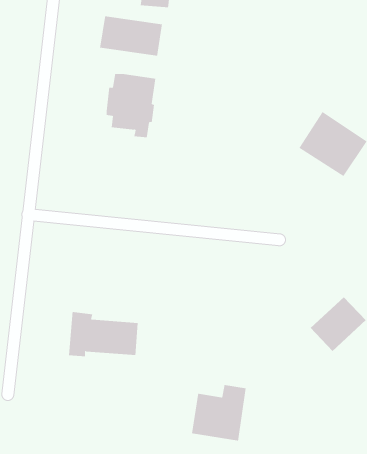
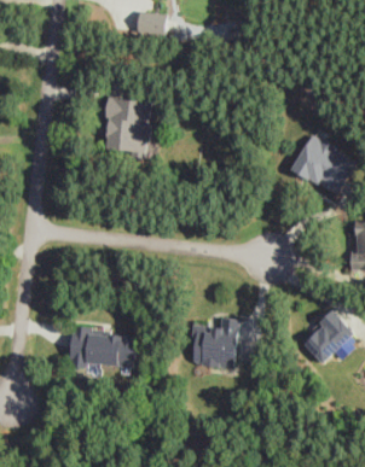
building: [100,15,163,57] -> none
building: [191,384,247,441] -> [190,316,243,370]

